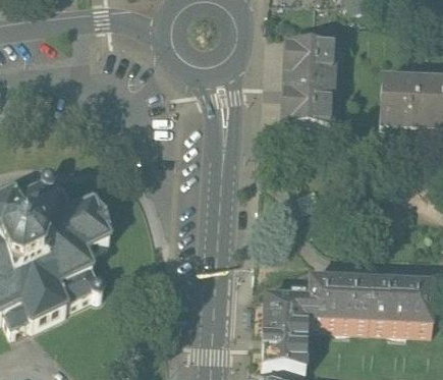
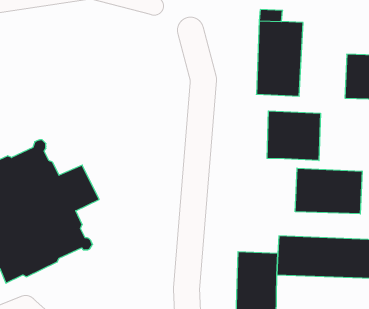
building: none -> [267,111,320,161]
building: none -> [295,168,362,214]

